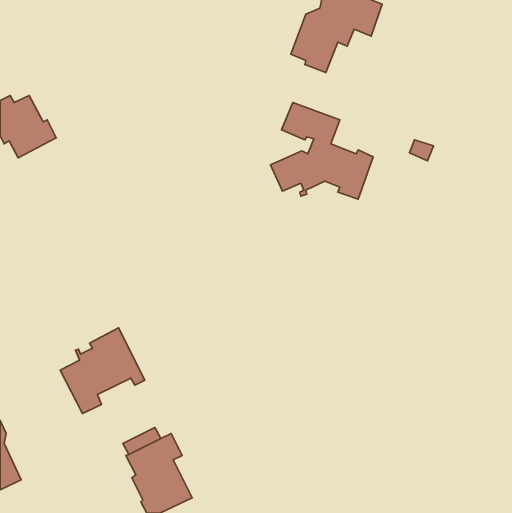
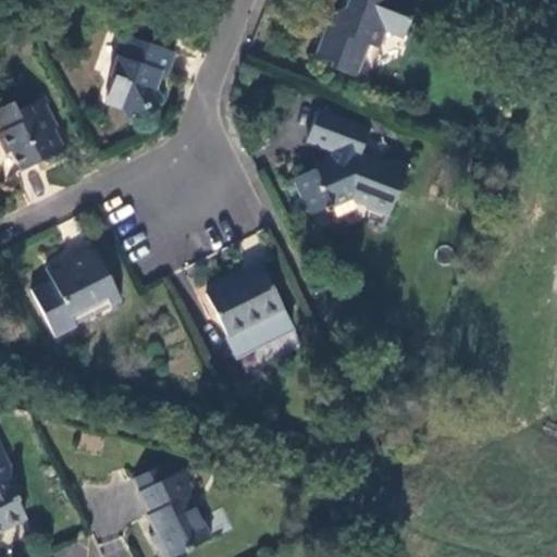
building: none -> [109,37,173,114]
building: none -> [206,268,293,357]
building: [60,328,145,413] -> [30,246,122,338]

